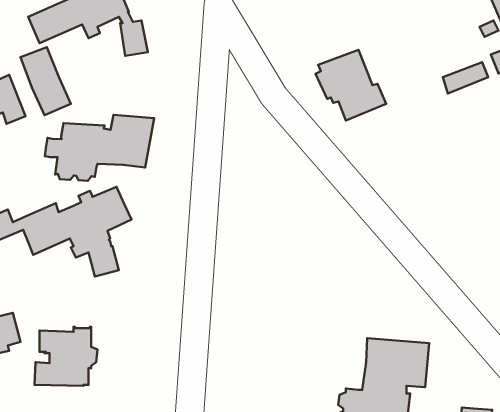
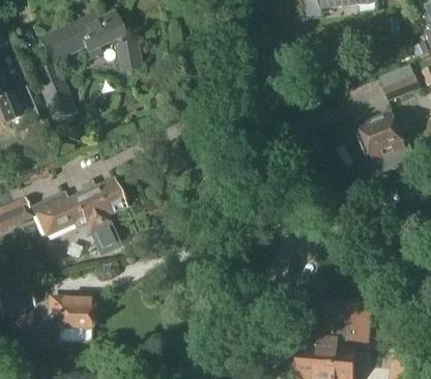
building: [316,50,386,120] -> [357,115,415,173]
building: [45,115,154,181] -> none

